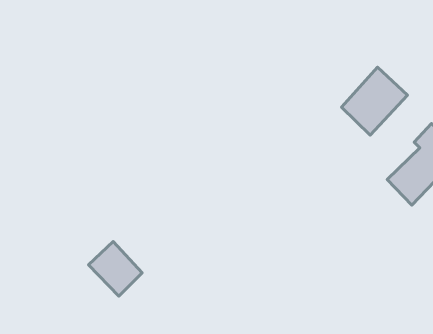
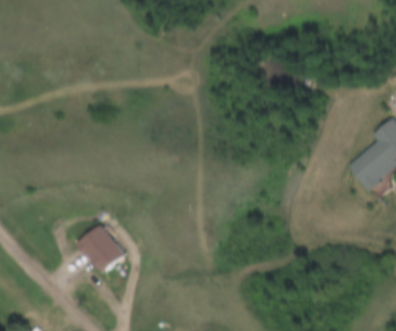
building: [341,67,407,135] -> none

